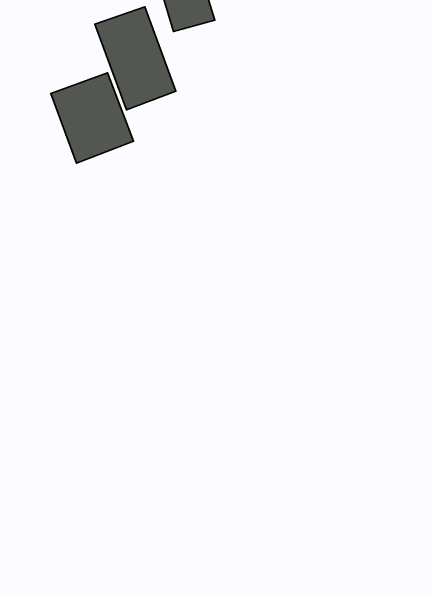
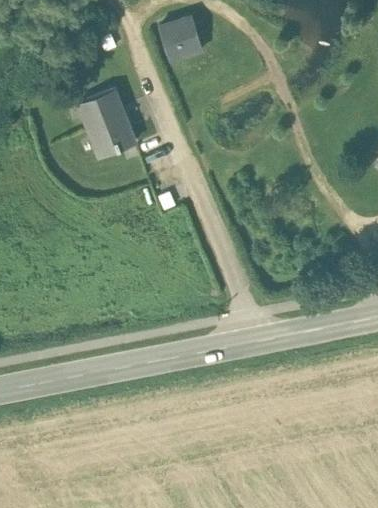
building: [95,7,176,110] -> none

